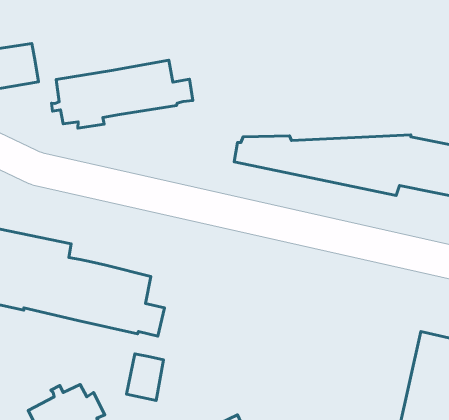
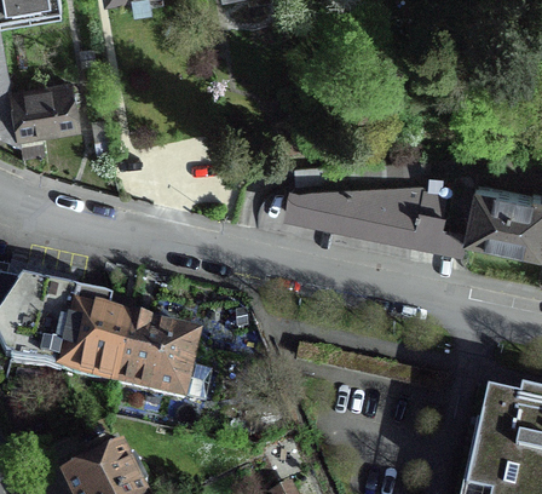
building: [51,60,193,128] -> none
building: [126,354,164,400] -> none

